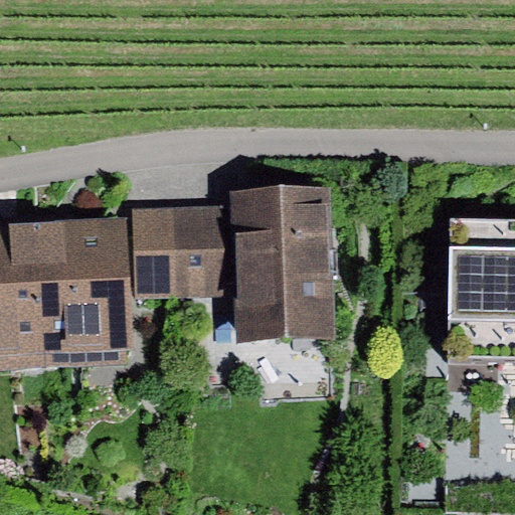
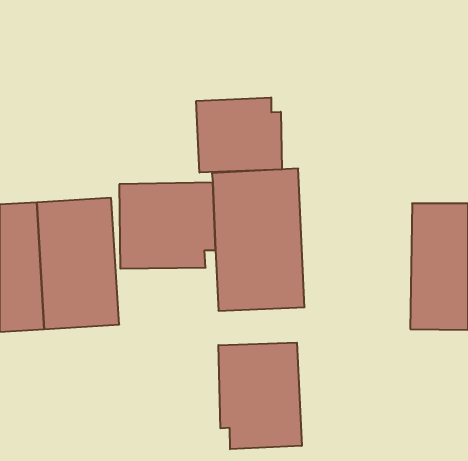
building: none -> [196,97,282,173]
building: none -> [218,343,302,449]

